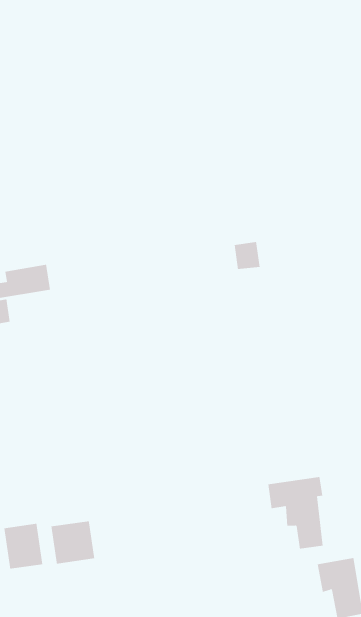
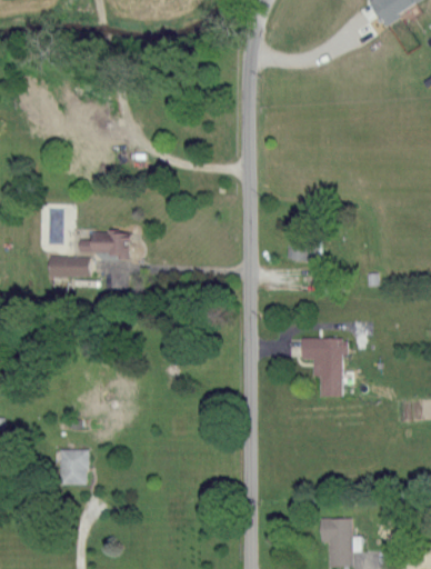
building: [267,477,324,549] -> [301,338,347,397]
building: [51,520,95,564] -> none

